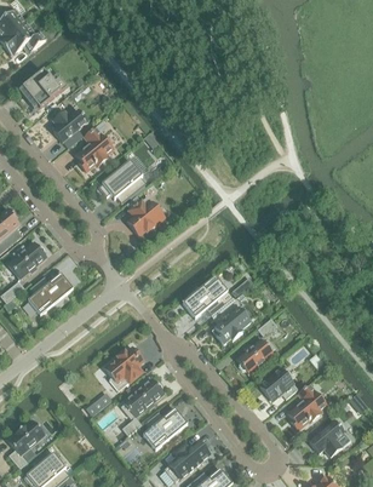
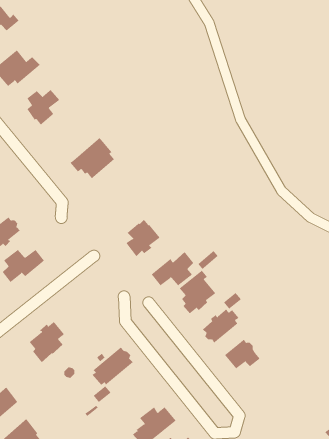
building: [76,122,114,172] -> none
building: [127,196,163,236] -> [126,219,160,257]
building: [105,348,143,391] -> [29,321,65,363]
building: [287,384,327,430] -> none
building: [143,411,186,447] -> none
building: [305,422,344,457] -> none

